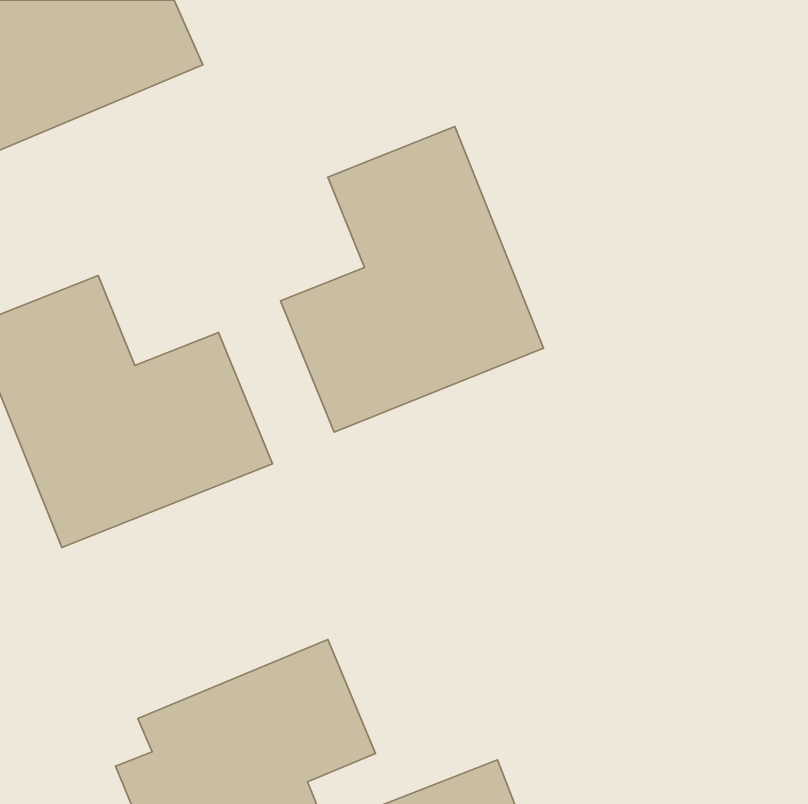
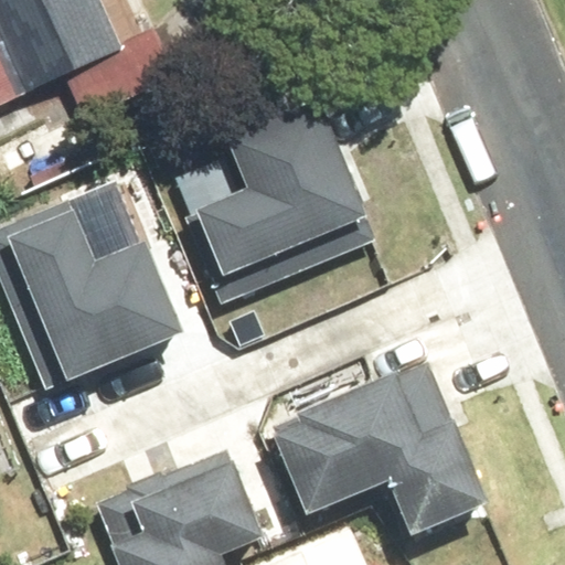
building: none -> [267,358,487,532]

